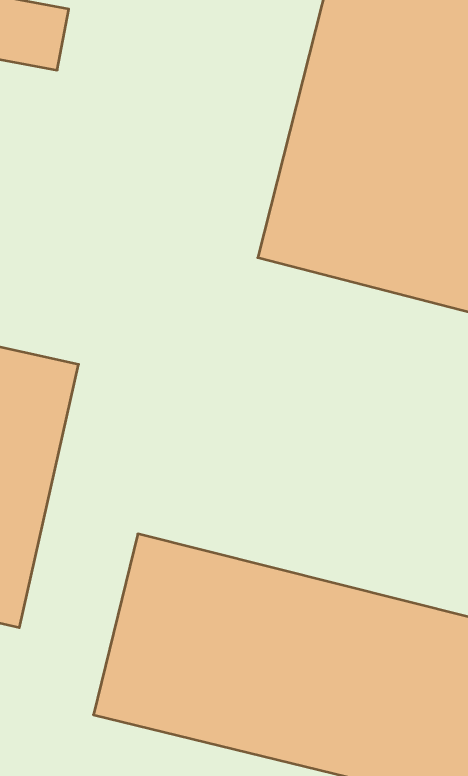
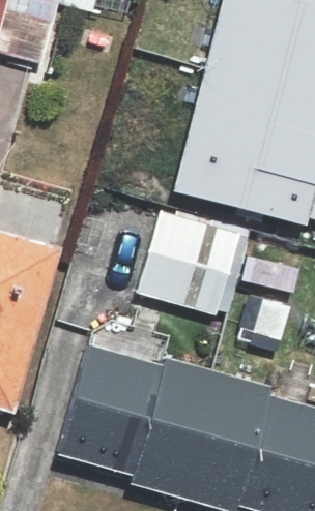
building: none -> [136,211,255,319]

